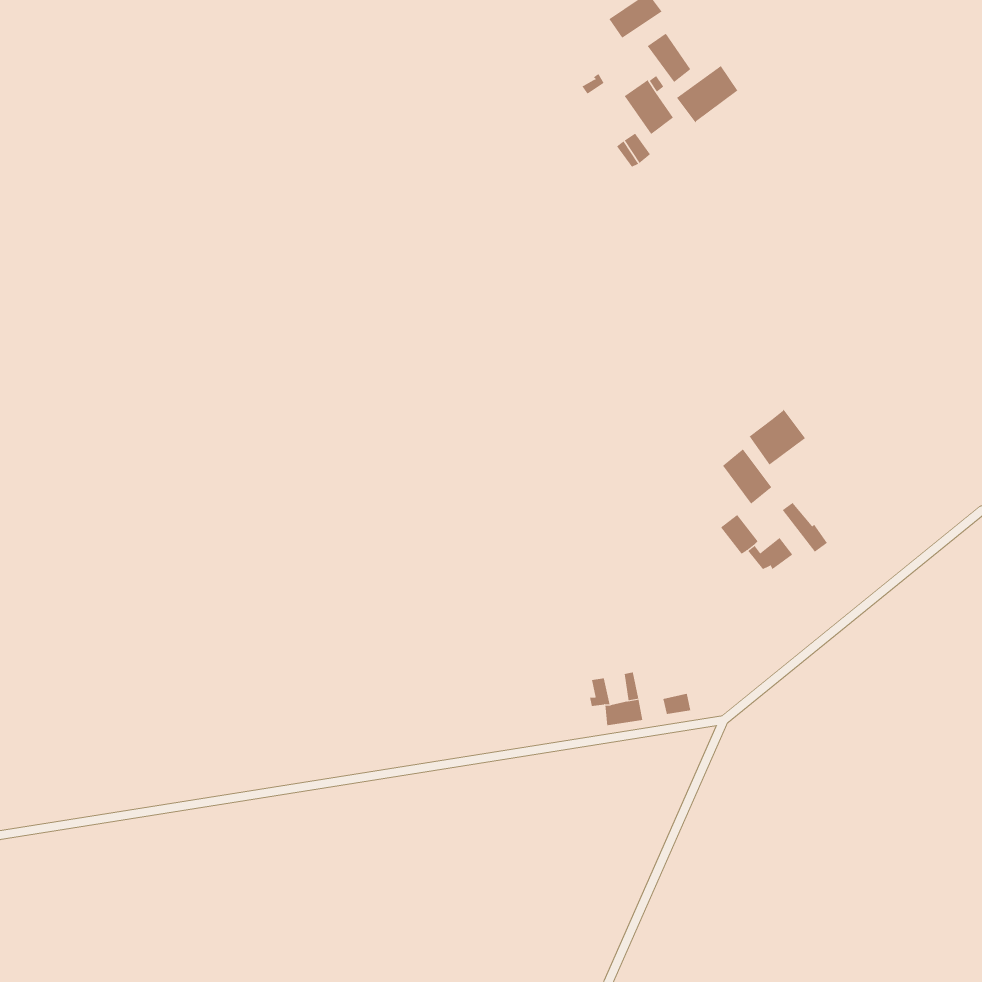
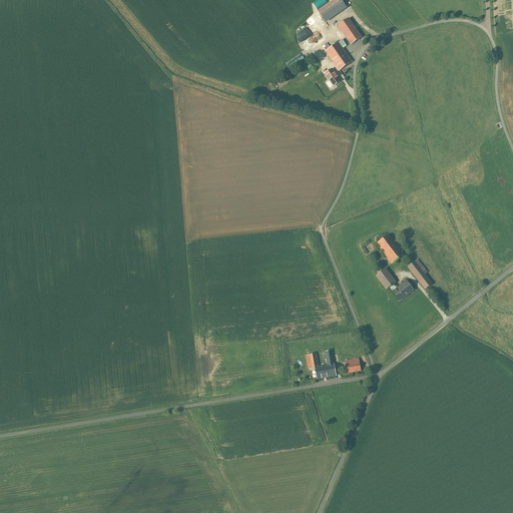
building: [676,65,738,124] -> none
building: [749,408,806,465] -> none

